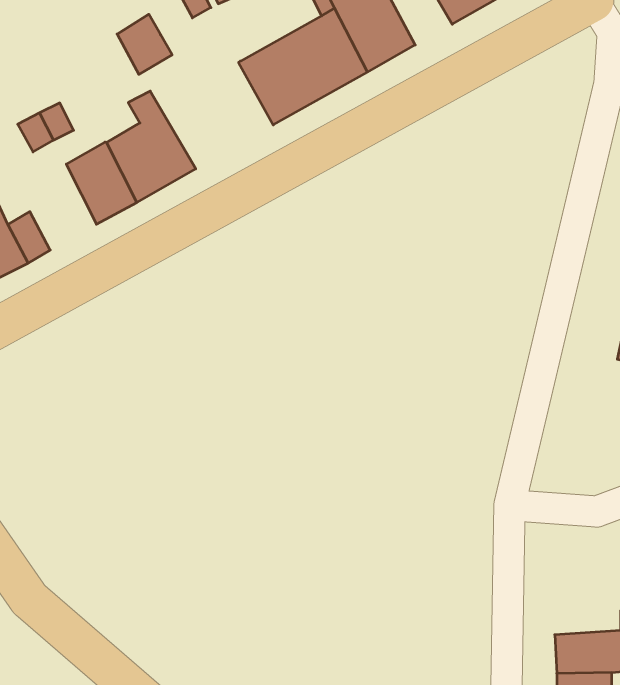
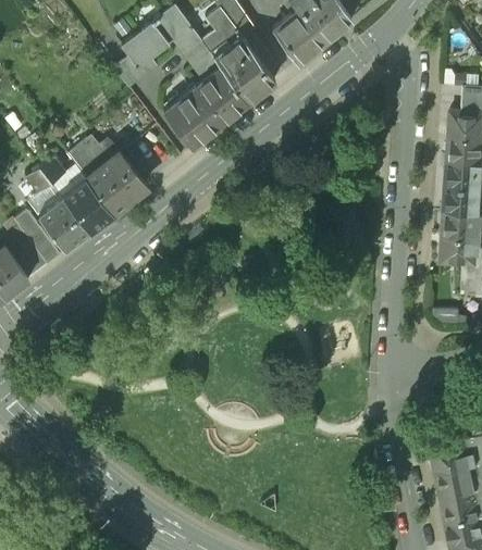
building: [117,14,172,74] -> [66,138,104,178]
building: none -> [37,197,87,251]

